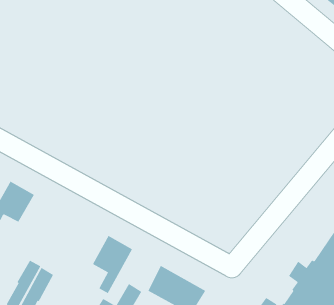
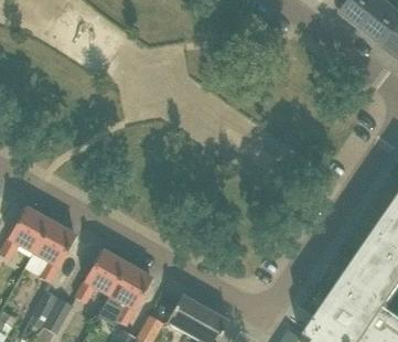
building: none -> [24,221,74,280]
building: none -> [73,248,125,301]

